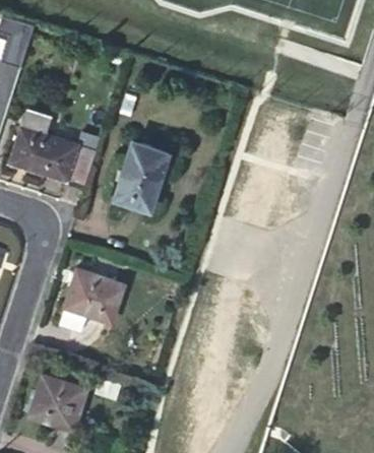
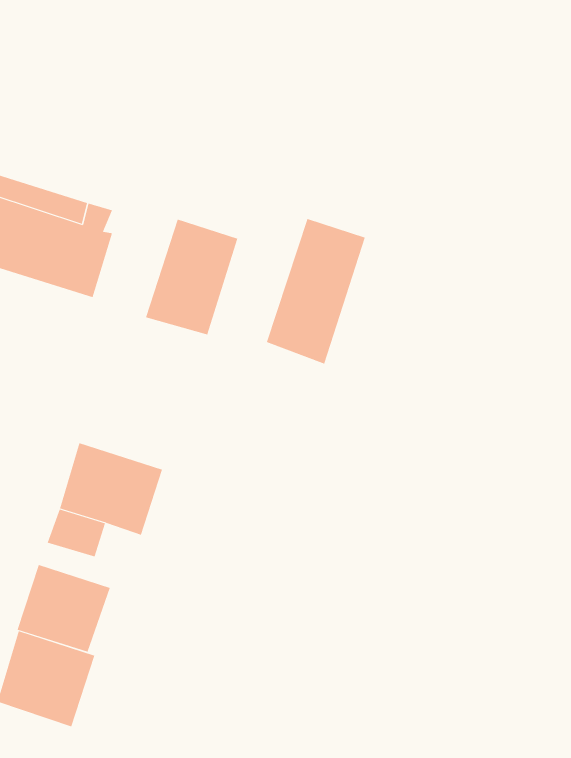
building: none -> [266,218,365,365]
building: none -> [17,564,111,653]

